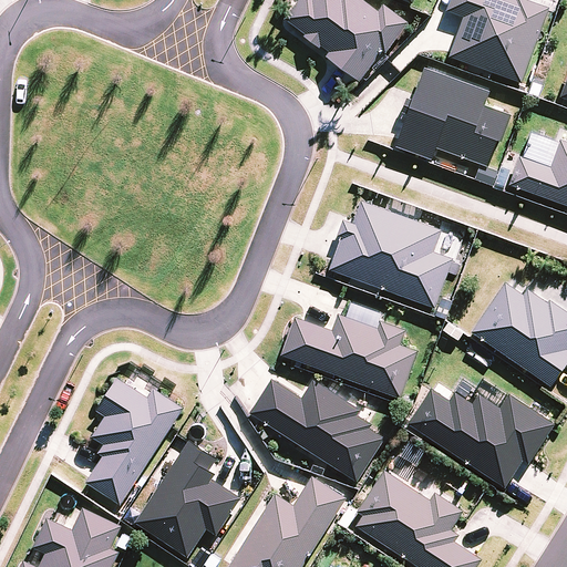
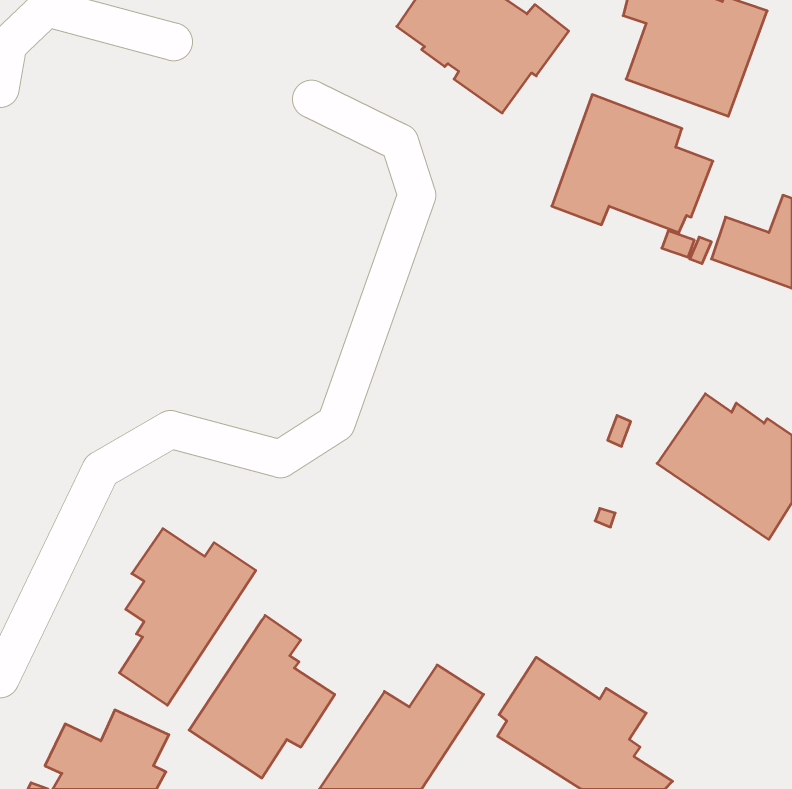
building: [328,200,452,308] -> none
building: [279,313,416,398] -> none
building: [250,379,383,481] -> none
building: [406,389,553,487] -> none

